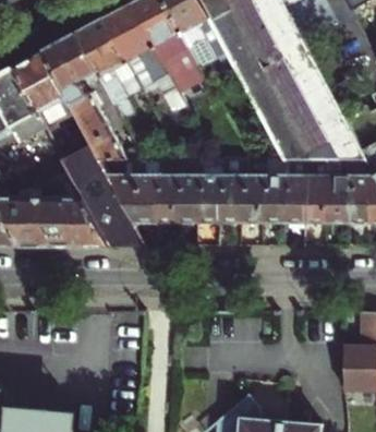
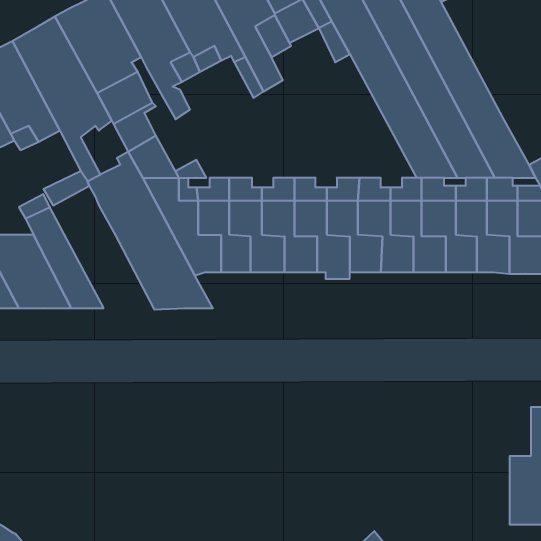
building: [50,196,110,247] -> none

